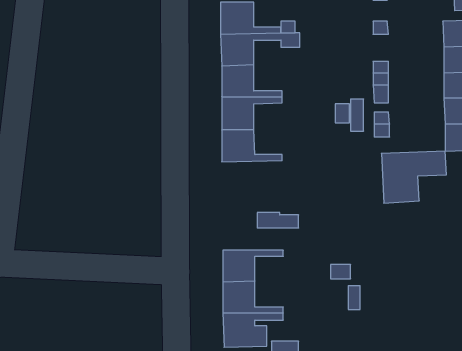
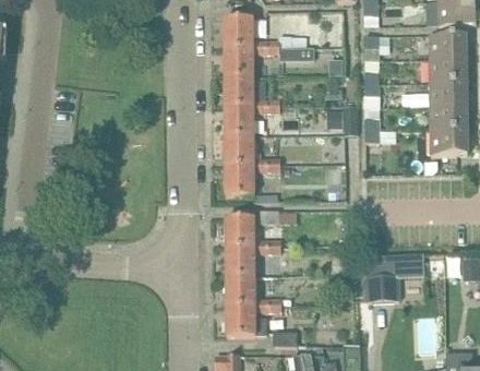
building: [381,151,446,203] -> [363,254,423,302]
building: none -> [224,164,279,195]
building: none -> [225,217,280,247]

